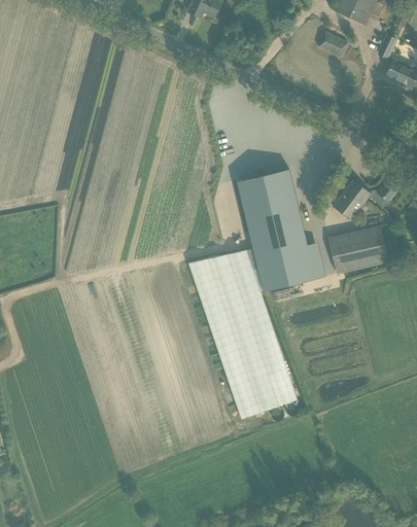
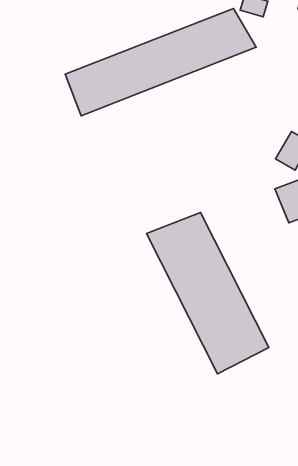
building: none -> [65,9,256,116]
building: [237,168,319,291] -> none

